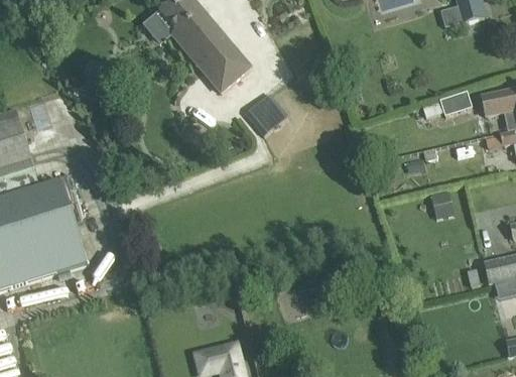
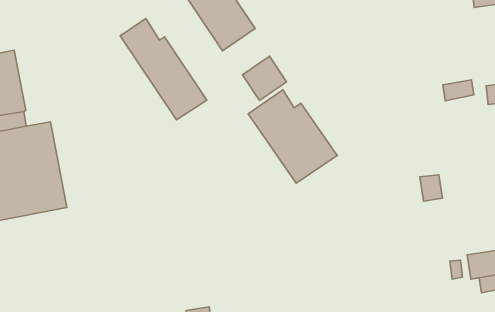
building: none -> [120,19,207,120]
building: none -> [248,90,337,183]

